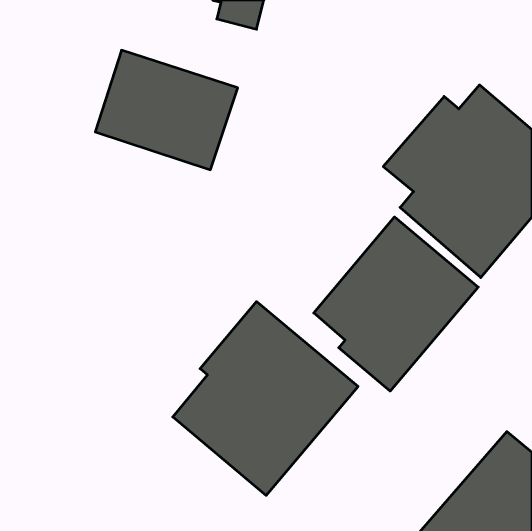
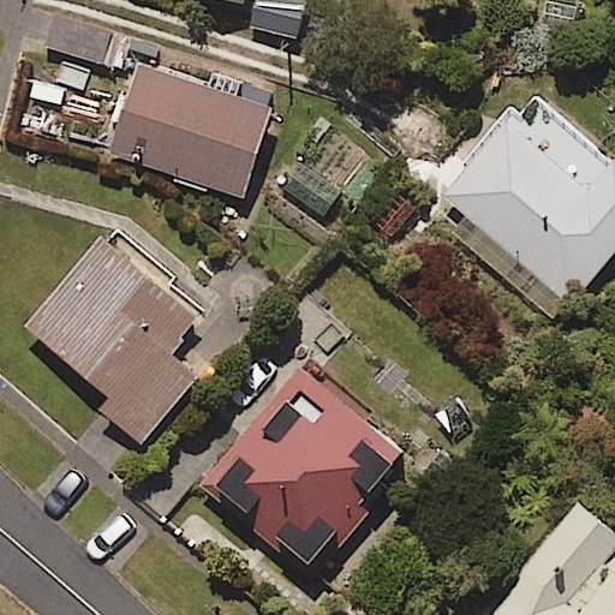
building: none -> [26,232,202,444]
building: [314,217,478,391] -> none

